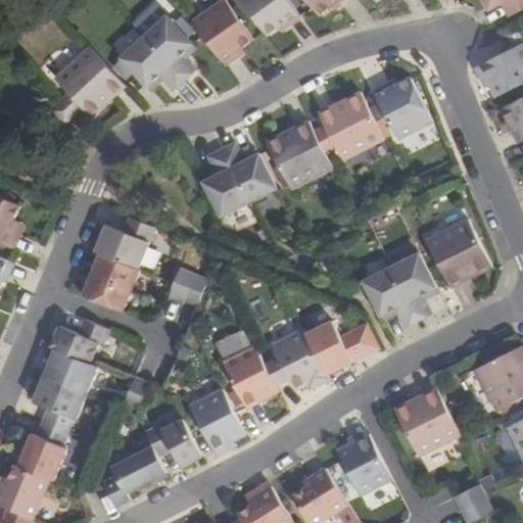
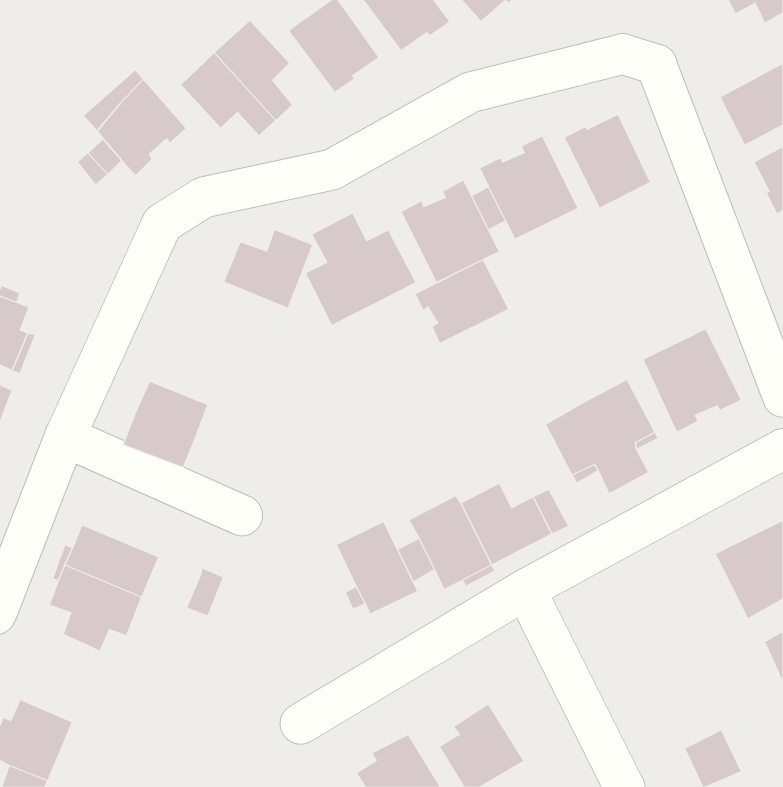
building: none -> [415,259,509,343]
building: [94,216,153,268] -> [223,229,313,308]
building: [169,268,206,303] -> none
building: [50,317,117,366] -> none
building: [393,386,459,456] -> none
building: [189,387,244,450] -> none
building: [102,419,201,506] -> none
building: [17,420,66,479] -> none
building: [336,432,390,494] -> none

